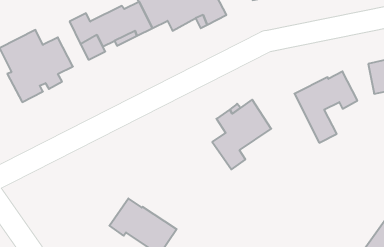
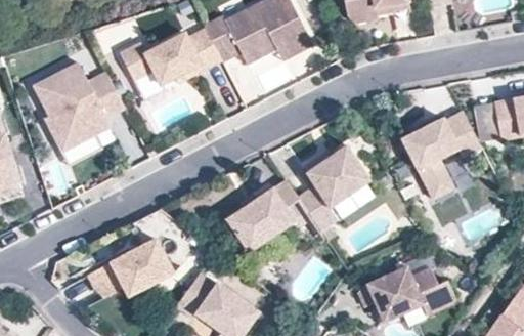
building: none -> [228,182,312,254]
building: none -> [87,240,174,297]
building: none -> [356,263,451,320]

